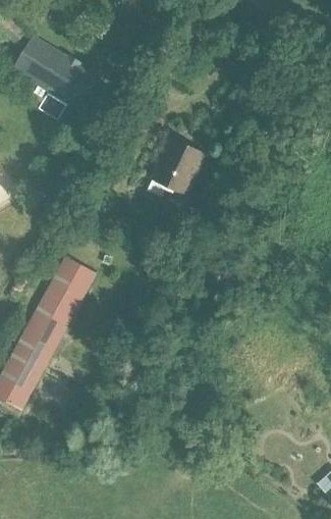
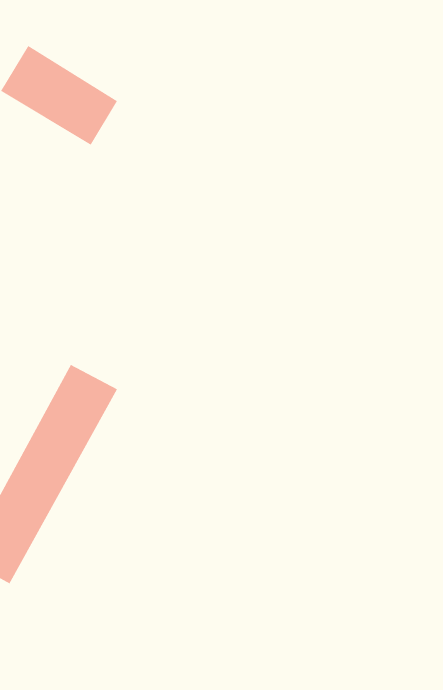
building: [152,140,205,195] -> none

